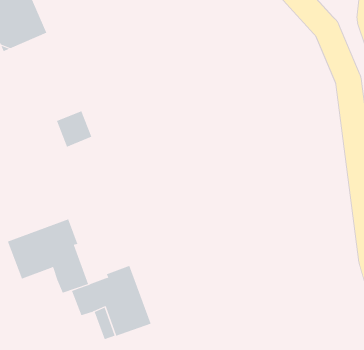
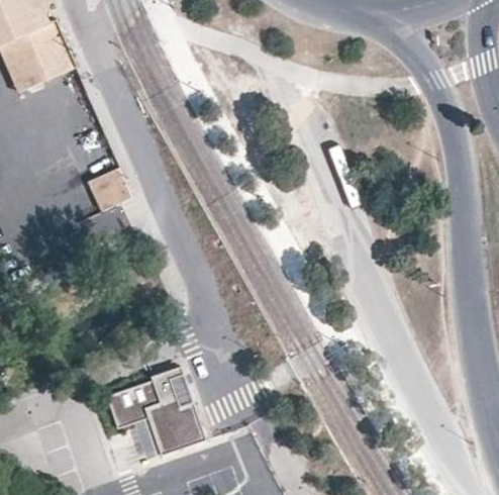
building: [7,218,89,294] -> none

